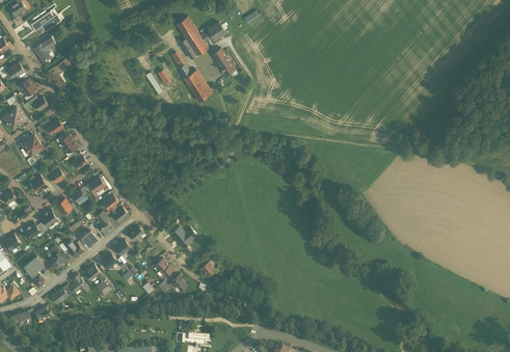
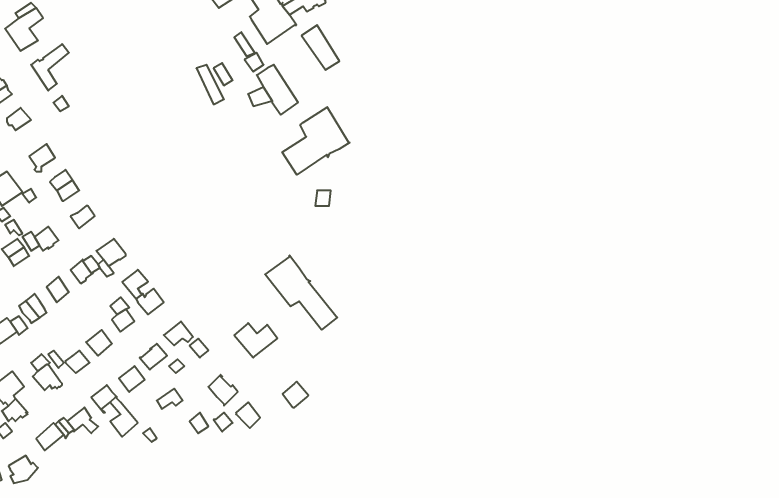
building: none -> [282,107,350,175]
building: none -> [265,255,337,330]

